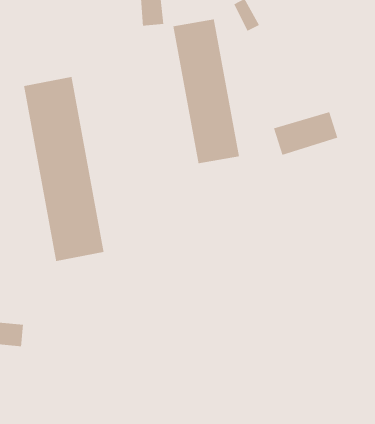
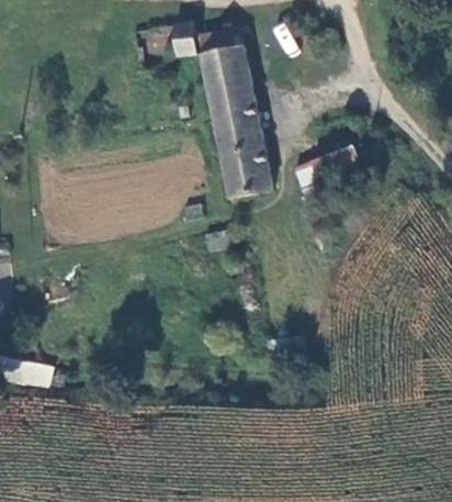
building: [24,76,104,262] -> none

